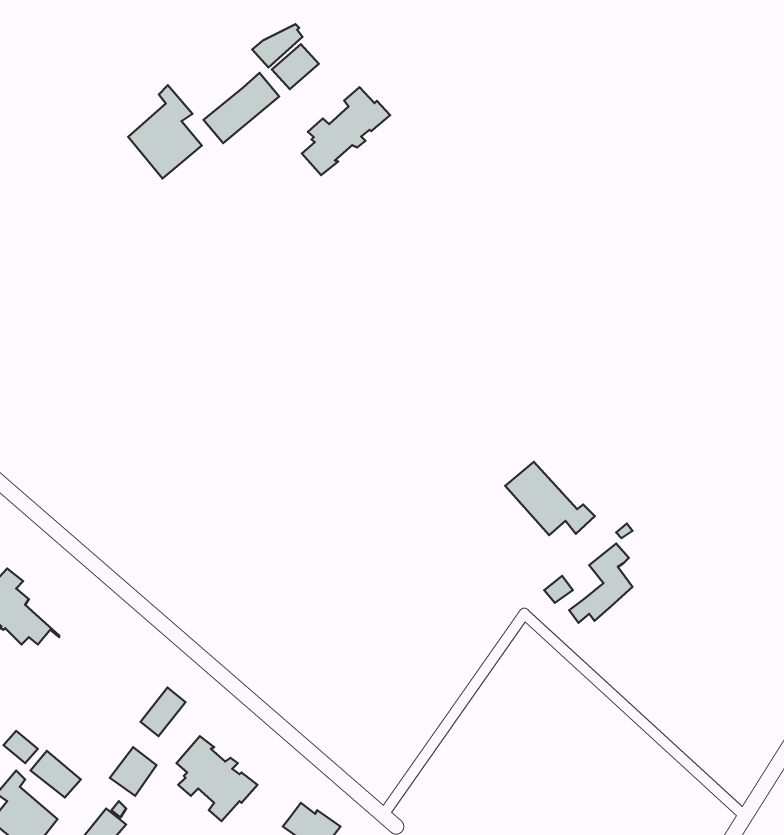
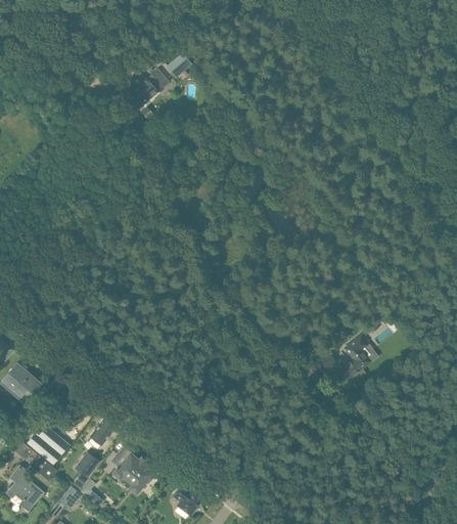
building: [128,85,202,179] -> none
building: [302,87,390,175] -> none
building: [505,462,595,535] -> none
building: none -> [28,425,71,464]

